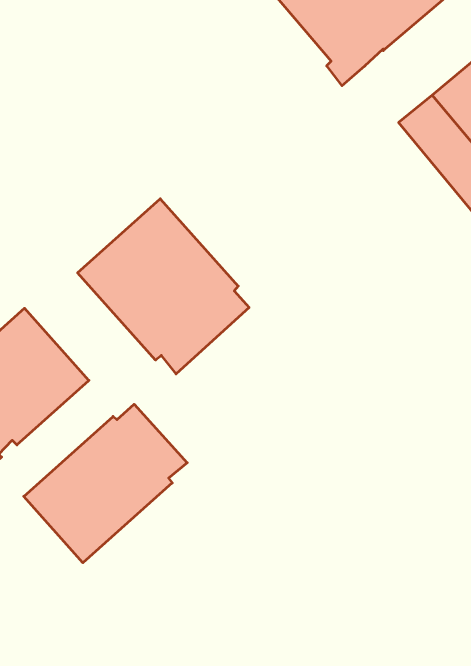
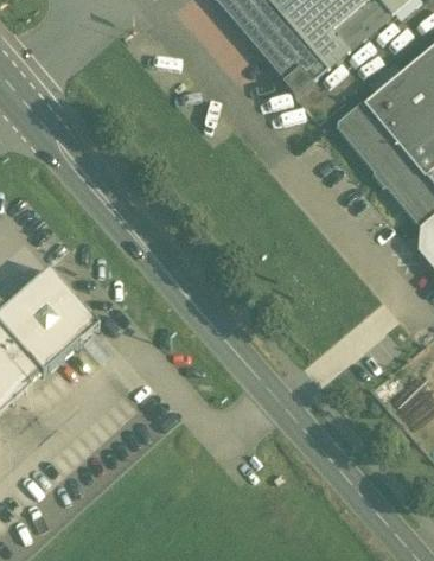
building: [78,199,249,374] -> none
building: [24,404,187,563] -> none

